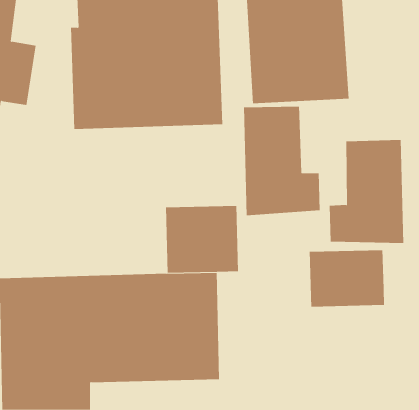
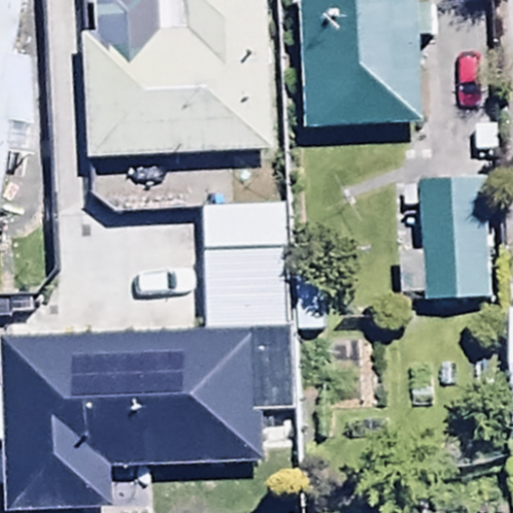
building: [244,106,320,216] -> none
building: [309,249,384,307] -> none

